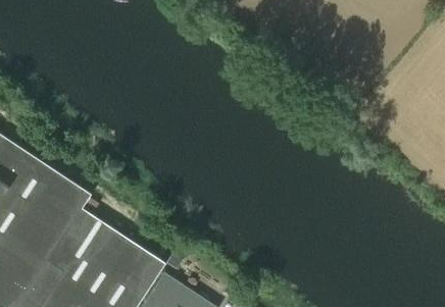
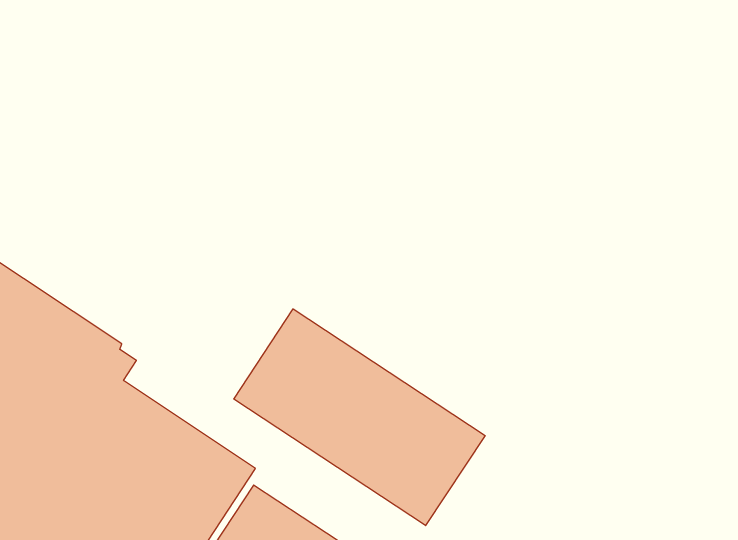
building: none -> [234,309,485,526]

